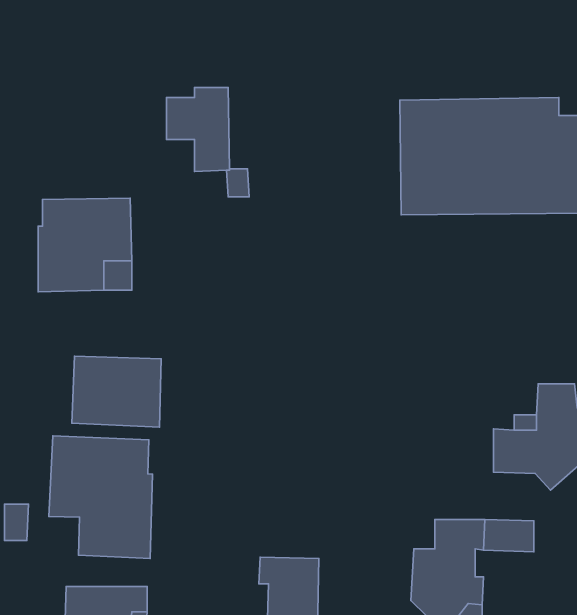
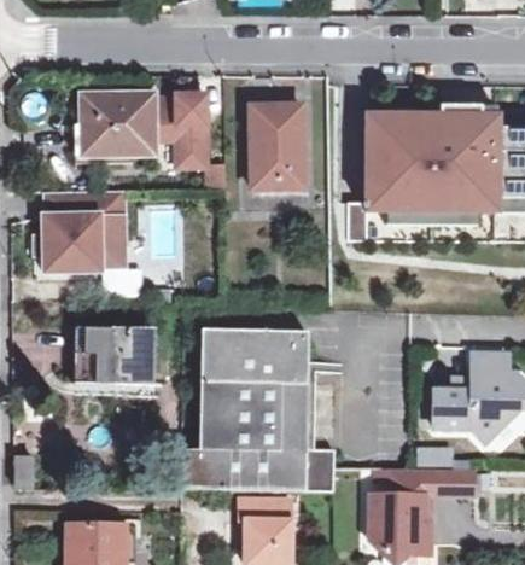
building: none -> [77,95,156,163]
building: none -> [251,106,303,188]
building: none -> [181,333,334,494]
building: [49,436,152,559] -> none

